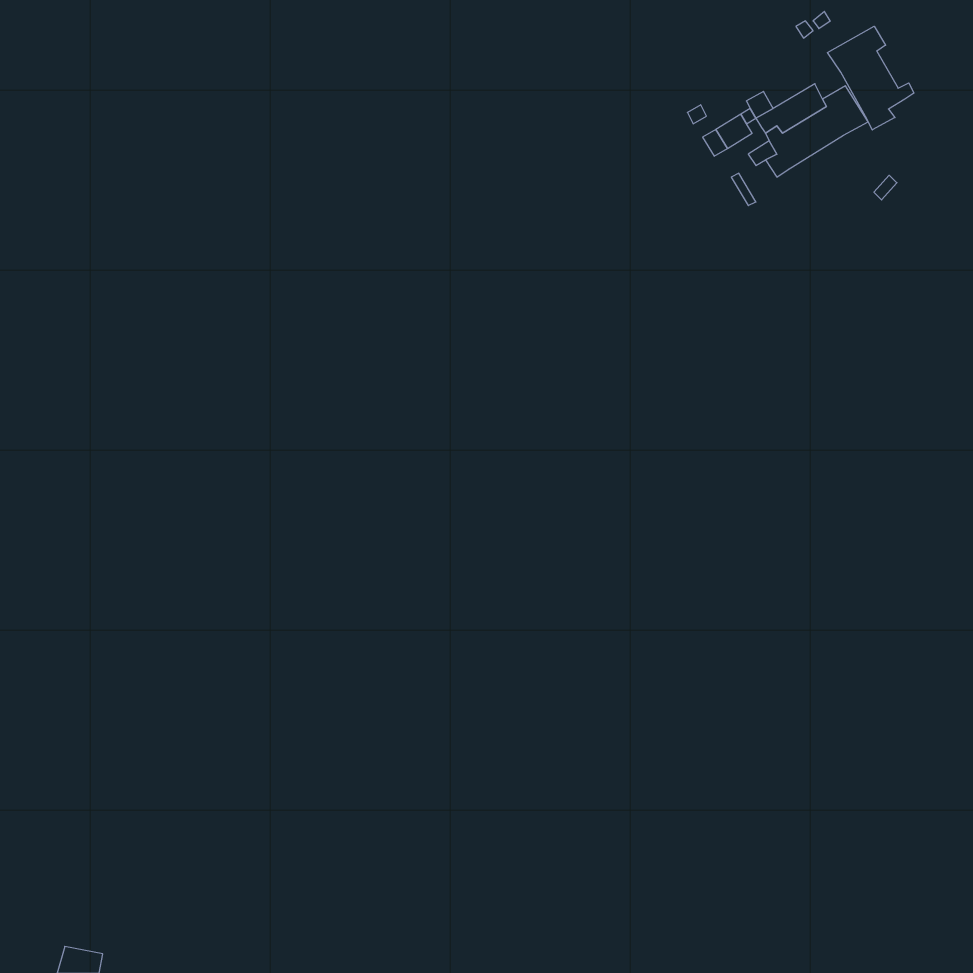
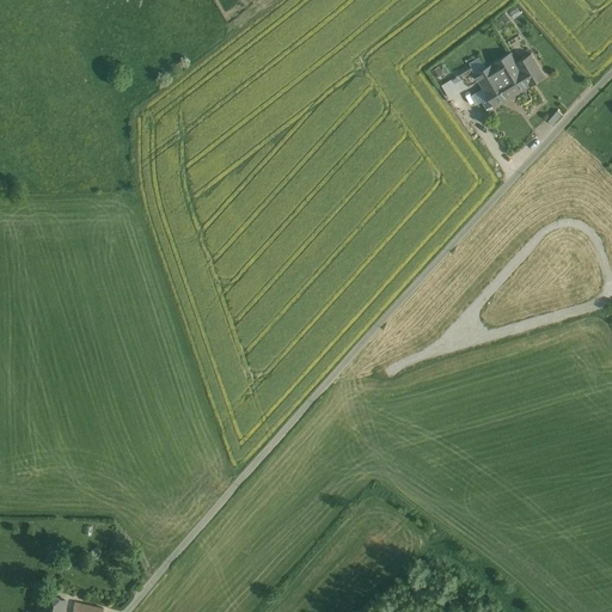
building: [827,26,914,130] -> none

